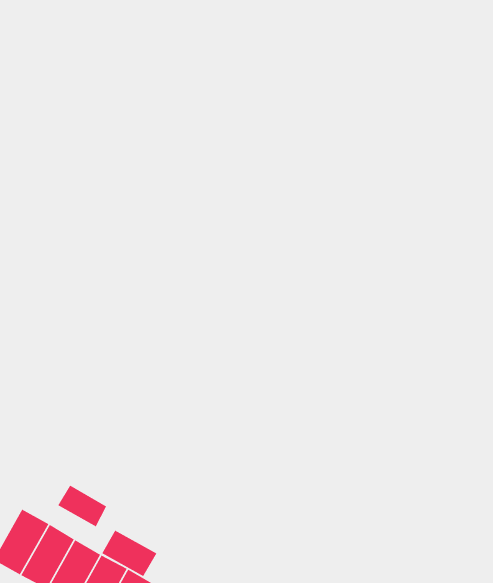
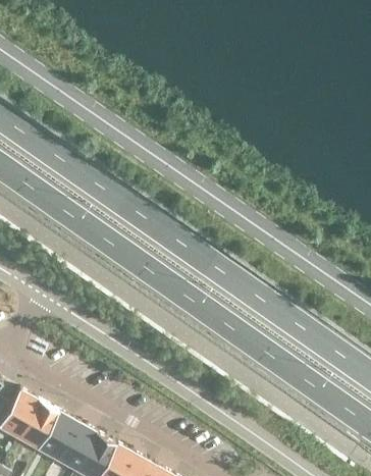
building: [57,484,107,527] -> none
building: [101,530,157,577] -> none

